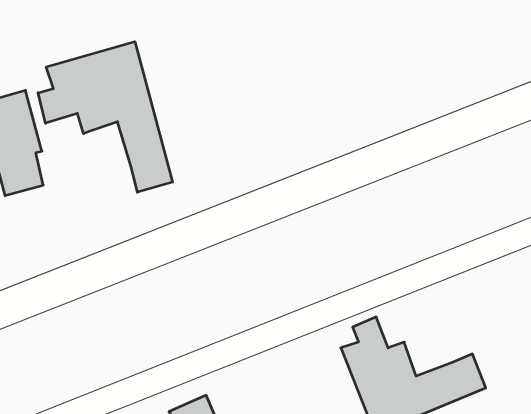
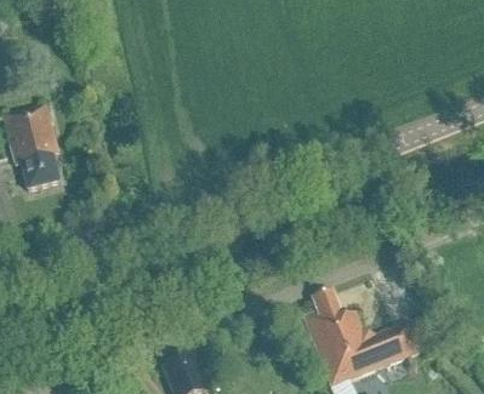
building: [38,42,173,192] -> none

